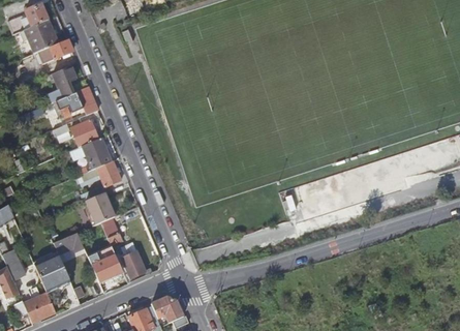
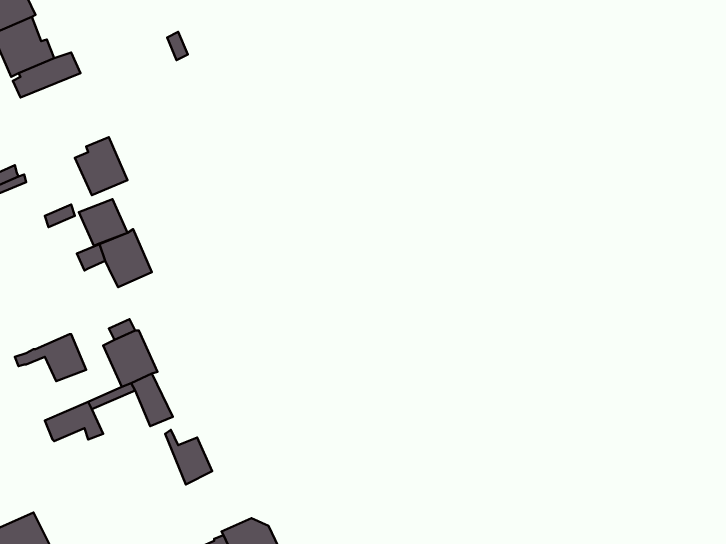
building: [50,65,88,101] -> none
building: [82,160,121,186] -> [15,334,86,381]
building: [33,252,69,291] -> none
building: [90,258,121,285] -> none

